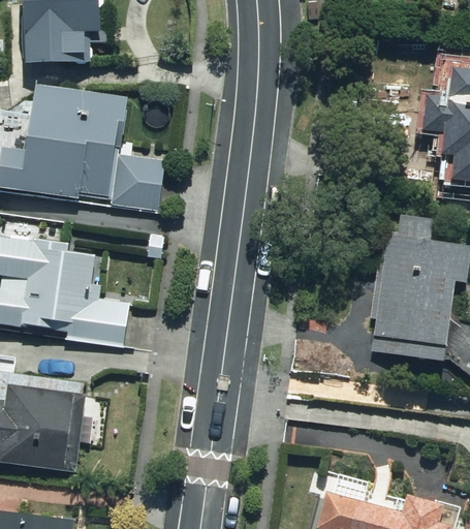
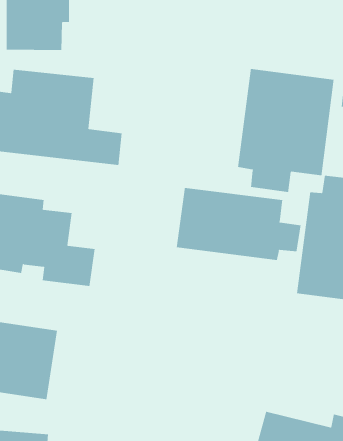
building: none -> [238,68,334,193]
building: none -> [176,187,301,261]

